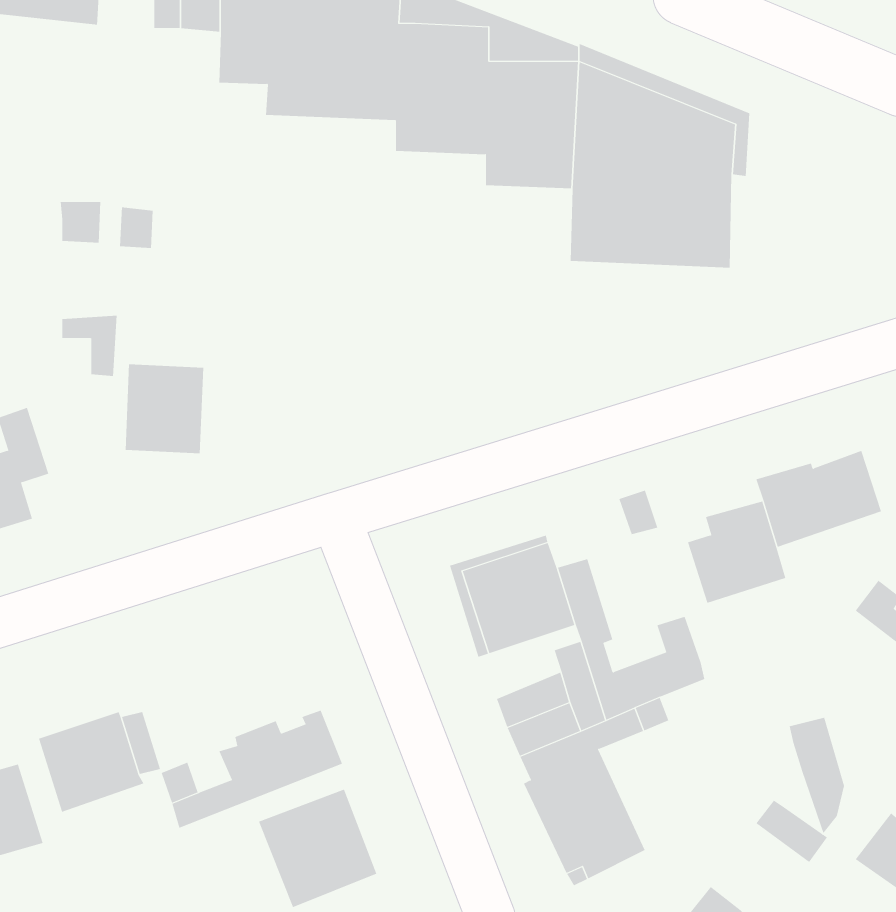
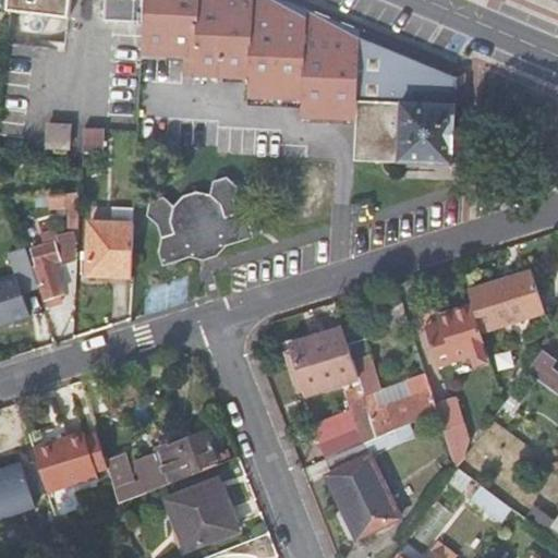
building: none -> [144,178,253,266]
building: none -> [28,235,75,298]
building: [789,717,845,834] -> [434,397,468,468]

